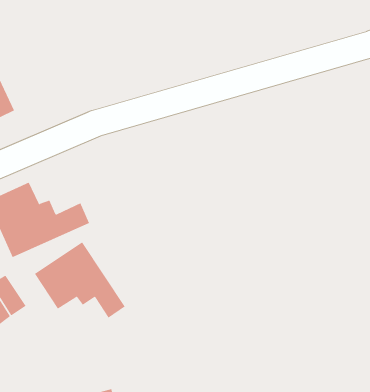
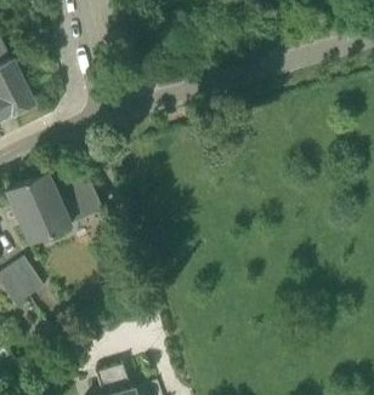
building: [34,242,126,319] -> none

